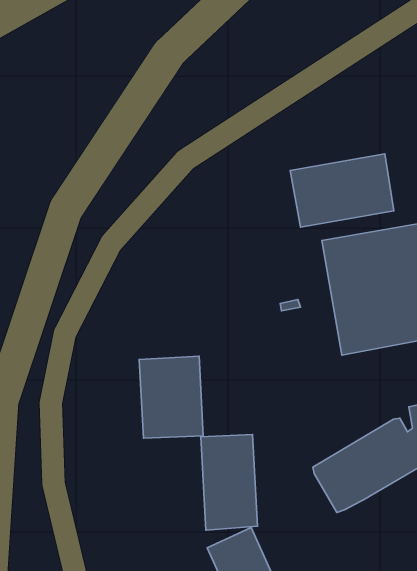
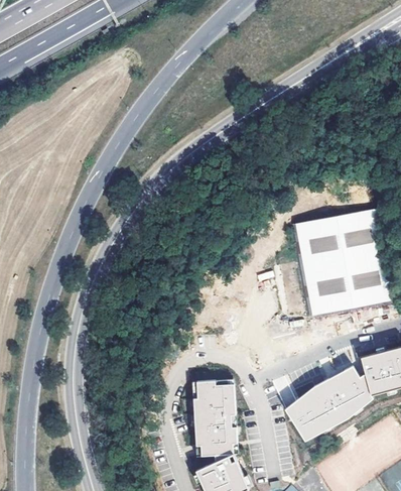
building: [290,154,394,227] -> none
building: [139,356,203,438] -> none

